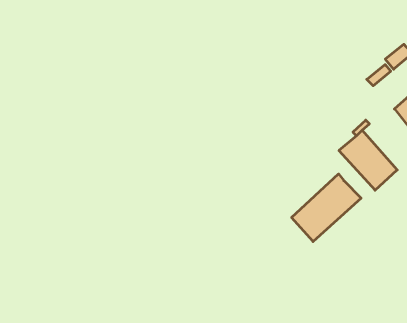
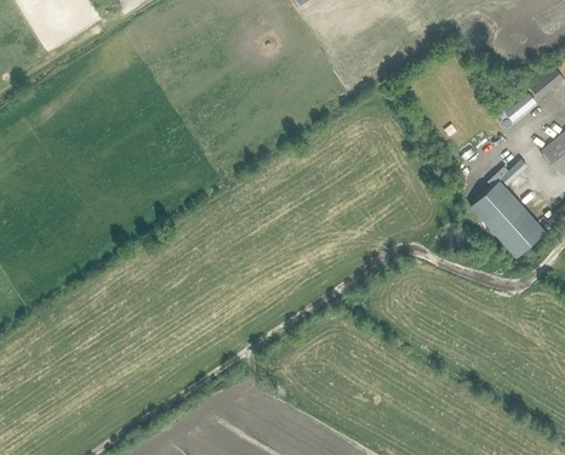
building: [292,174,361,242] -> none

